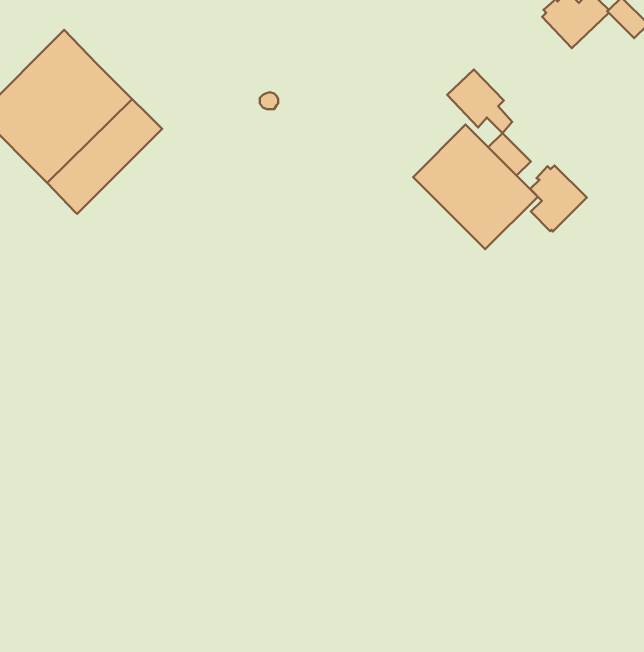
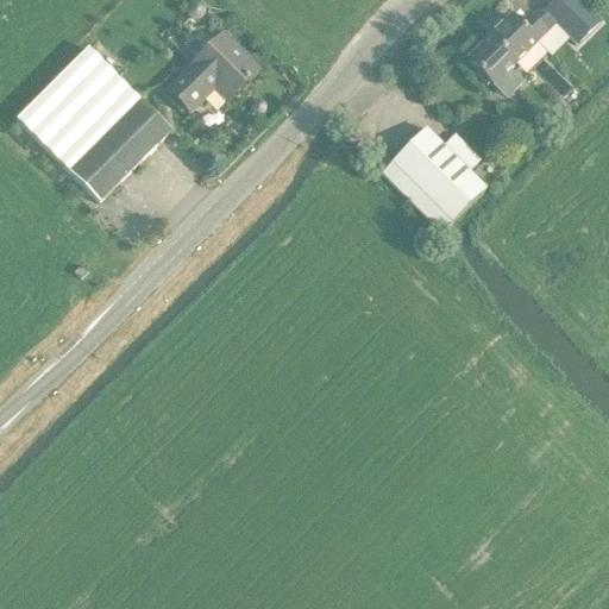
building: none -> [169,31,259,107]
building: [447,69,512,133] -> [467,34,522,88]
building: [530,165,587,231] -> none

